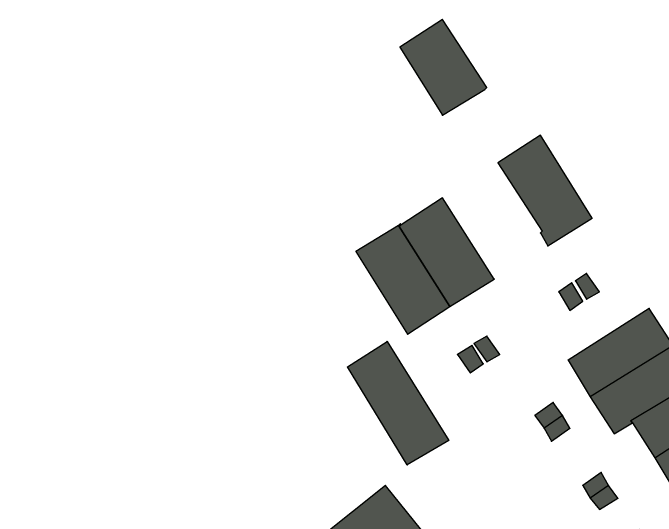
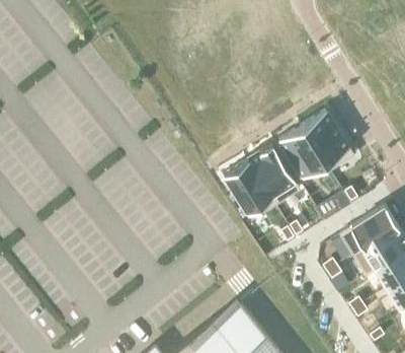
building: [400,19,487,115] -> [278,124,326,176]
building: [347,341,449,465] -> none

